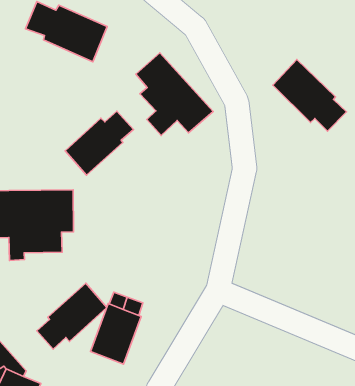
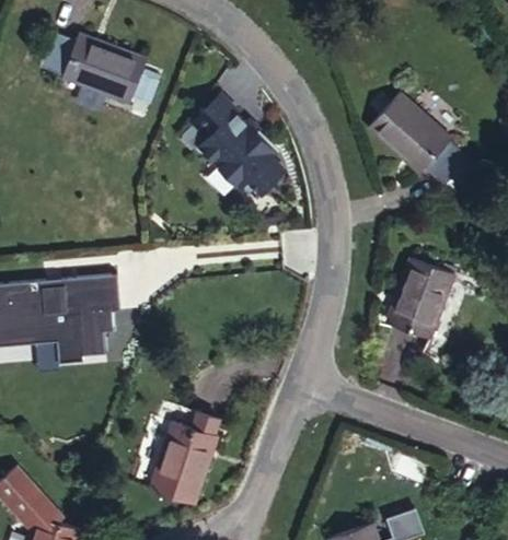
building: [65,111,133,175] -> none
building: none -> [389,258,455,336]
building: [37,283,107,349] -> none

